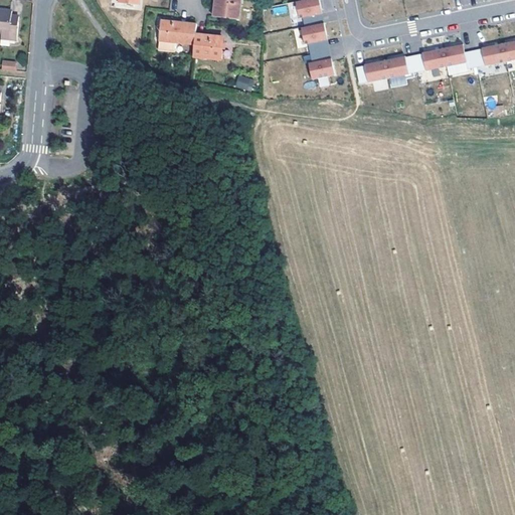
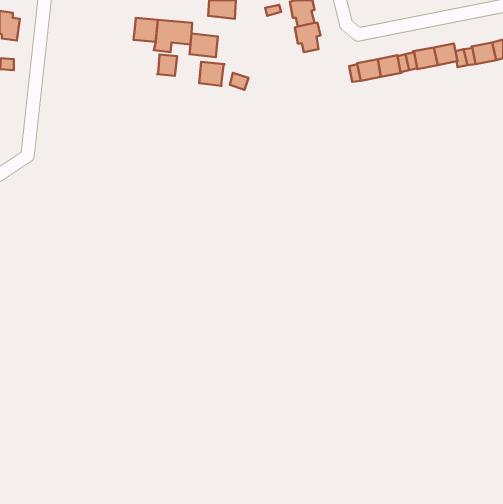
building: none -> [134,18,158,42]
building: [308,50,335,79] -> none
building: none -> [157,55,177,76]
building: none -> [199,62,224,86]

